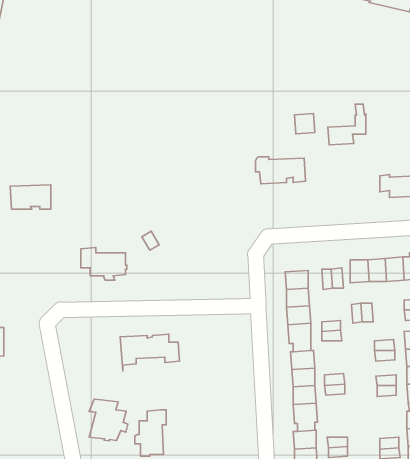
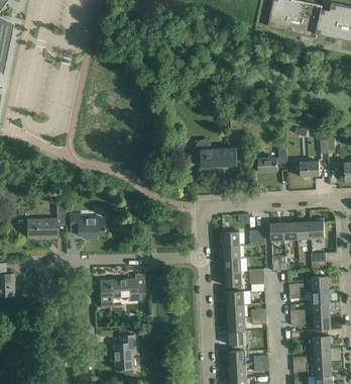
building: [328,104,366,145] -> [259,141,287,172]
building: [10,185,51,209] -> [27,218,57,236]
building: [89,399,128,441] -> none

